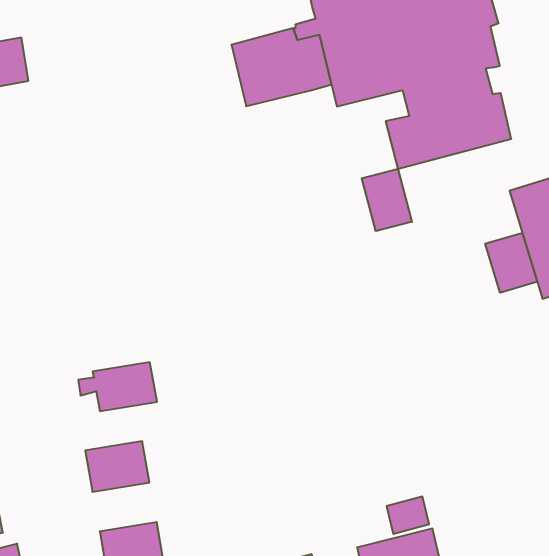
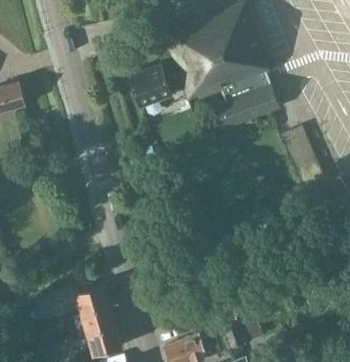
building: [362,169,412,231] -> none
building: [485,233,537,293] -> none
building: [78,362,157,411] -> [74,307,116,335]

